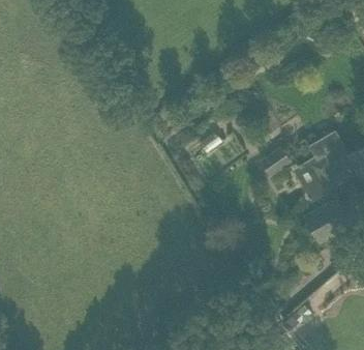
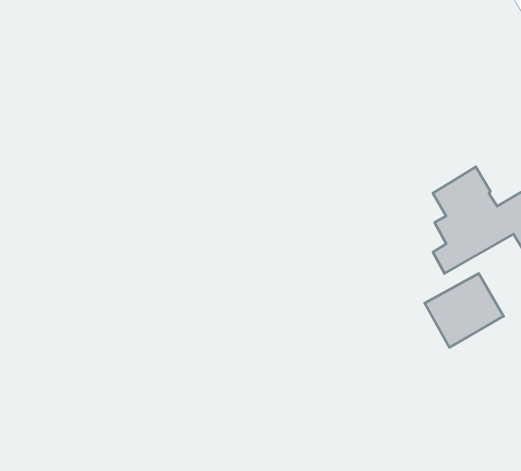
building: [255,146,289,178] -> none

